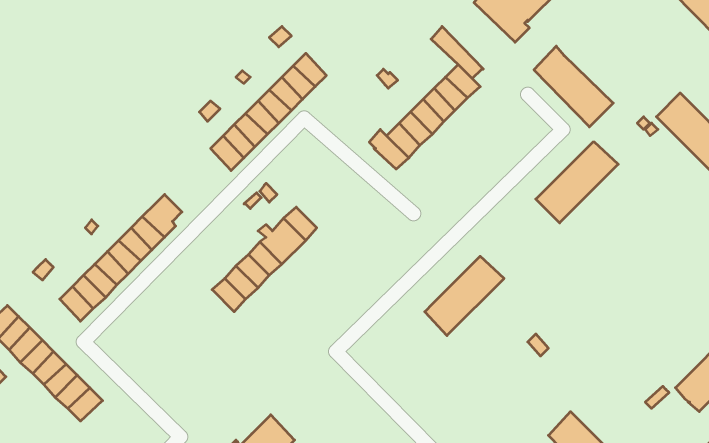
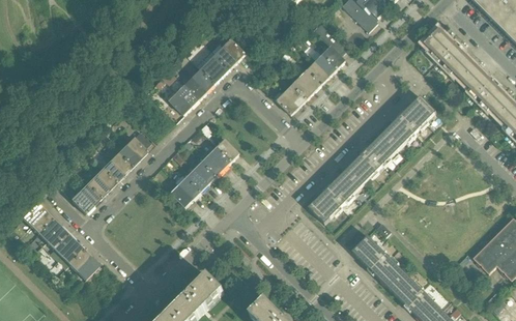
building: [534,46,613,127] -> [424,26,476,79]
building: none -> [345,133,397,184]
building: none -> [352,235,404,287]

